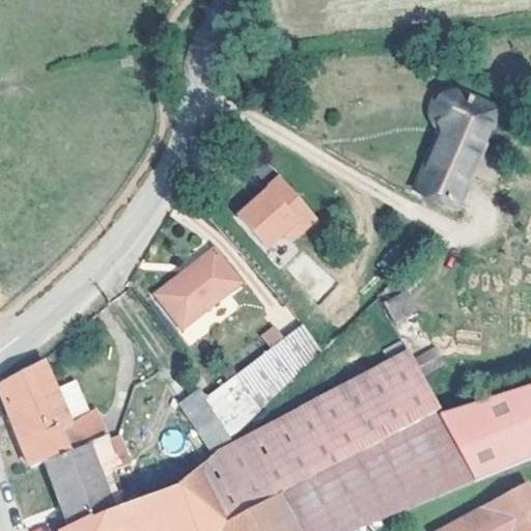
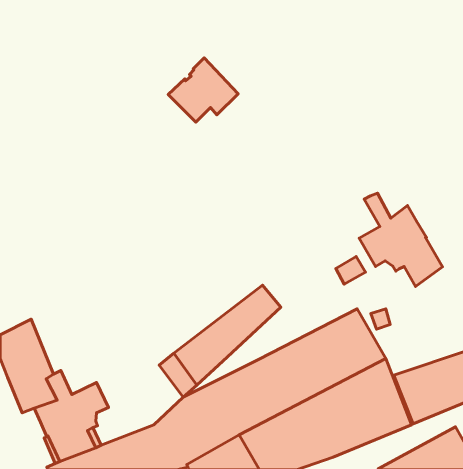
building: [415,94,493,208] -> none
building: [234,174,313,247] -> [168,58,238,122]
building: none -> [359,193,442,286]
building: [155,250,236,326] -> none

